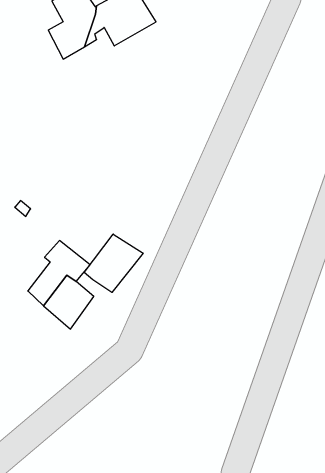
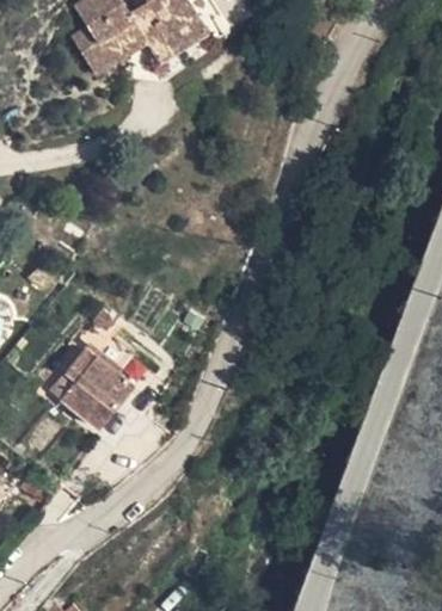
building: [84,234,143,292] -> none

